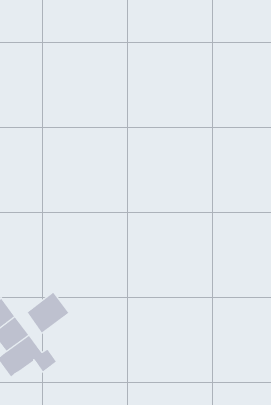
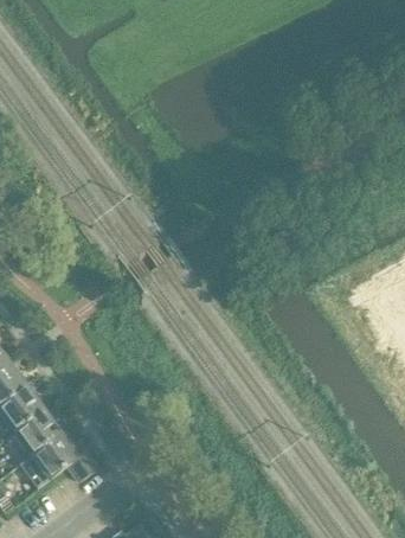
building: [27,292,69,333] -> none

